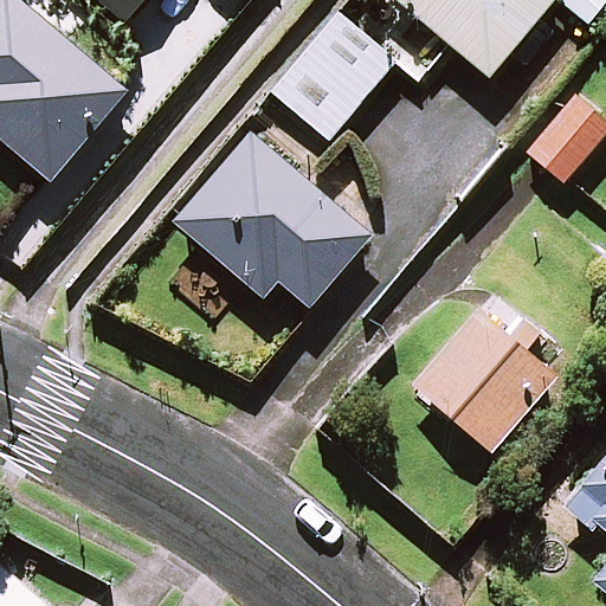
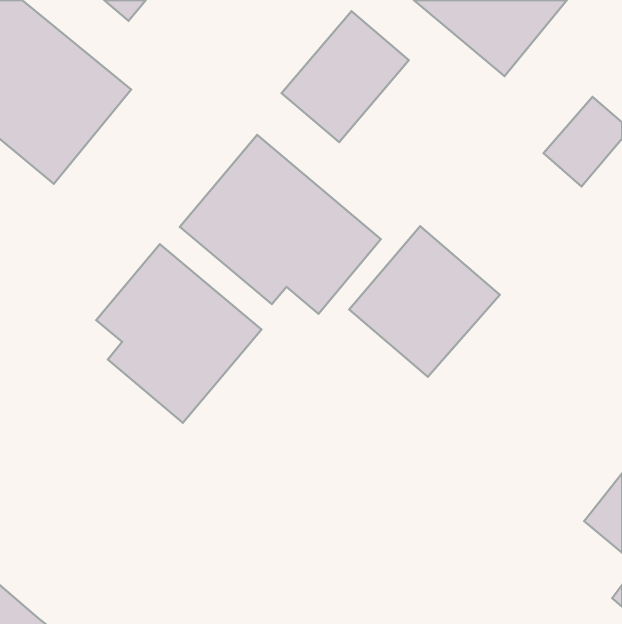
building: none -> [96,244,261,423]
building: [414,304,560,450] -> [349,226,500,377]

